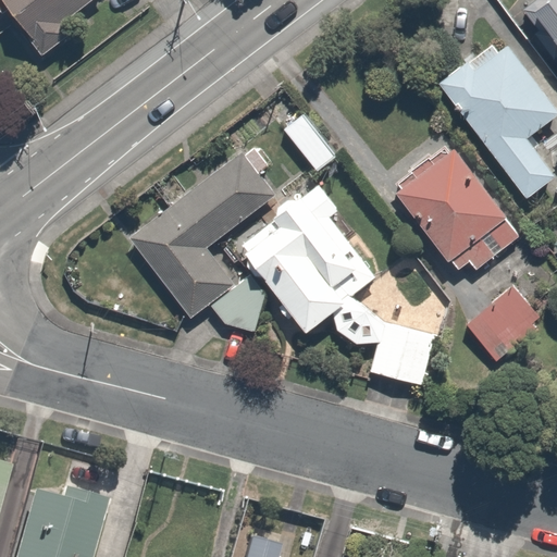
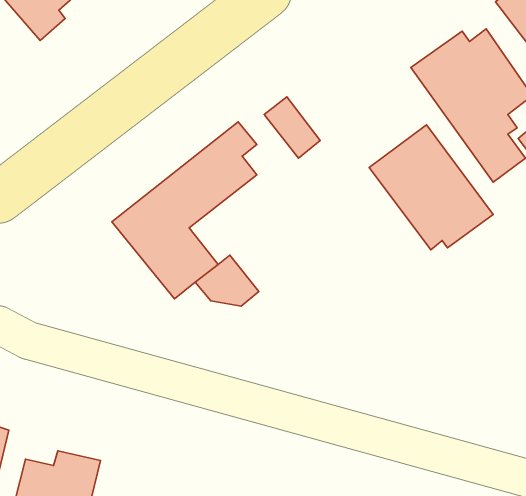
building: [238,187,434,382] -> none
building: [466,283,548,363] -> none

